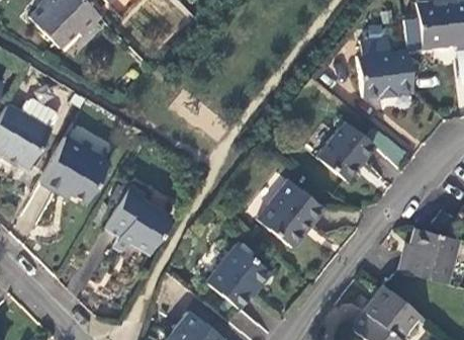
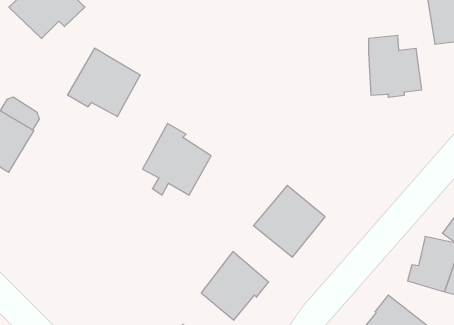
building: [317,119,374,178] -> none
building: [38,137,106,200] -> [67,48,140,117]
building: [106,184,170,251] -> [143,123,211,195]

